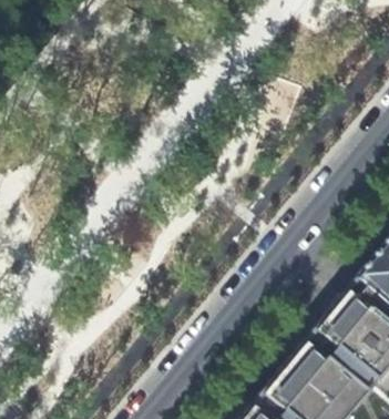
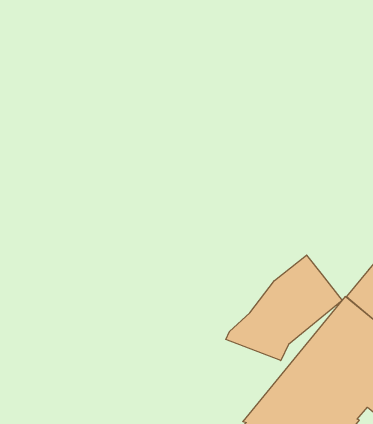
building: none -> [226,255,342,361]

